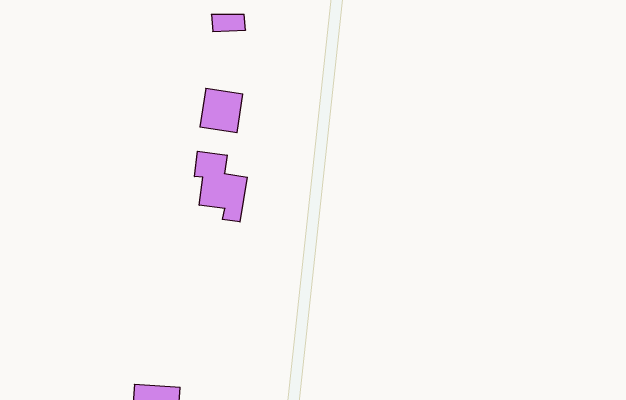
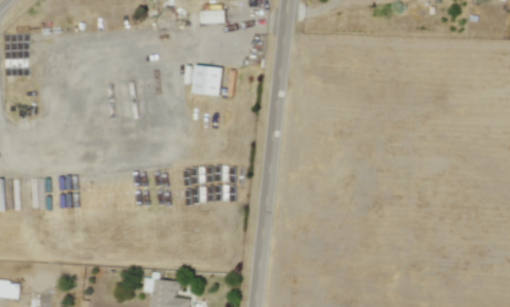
building: [195,151,247,222] -> none

